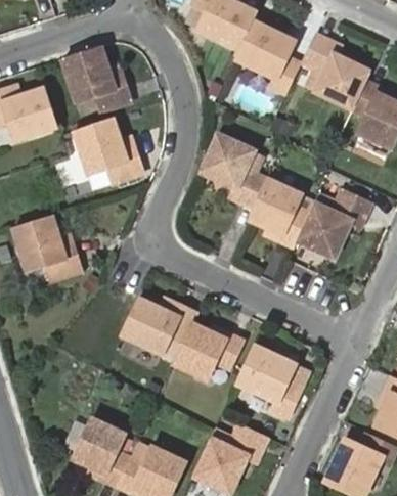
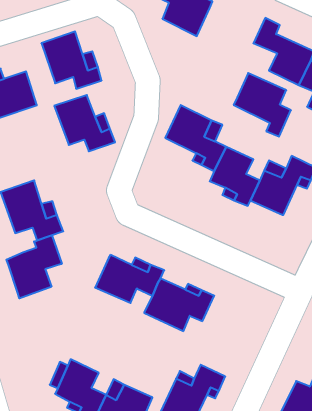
building: [233,20,298,92] -> [234,73,291,137]
building: none -> [6,235,62,298]
building: [236,345,302,418] -> none

